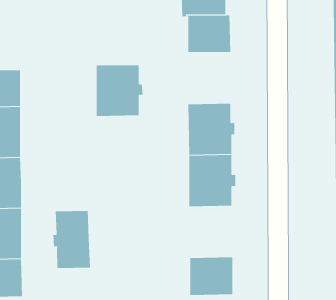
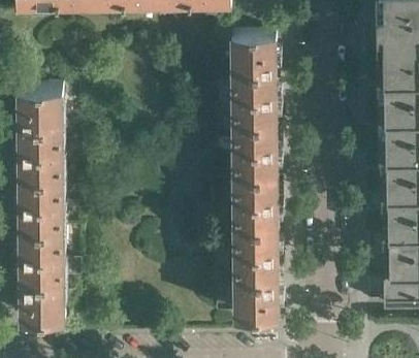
building: [96,65,144,117] -> [232,77,281,130]
building: none -> [233,233,282,286]
building: [53,210,90,269] -> none

